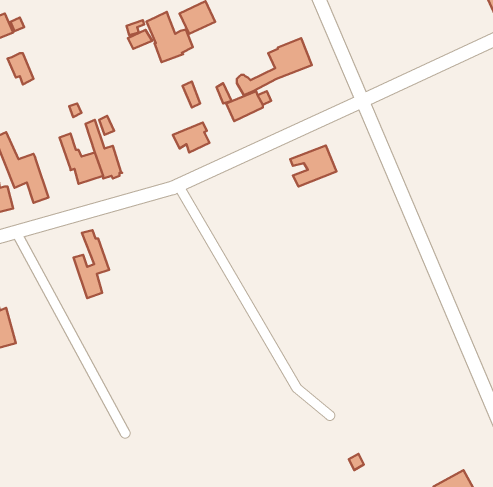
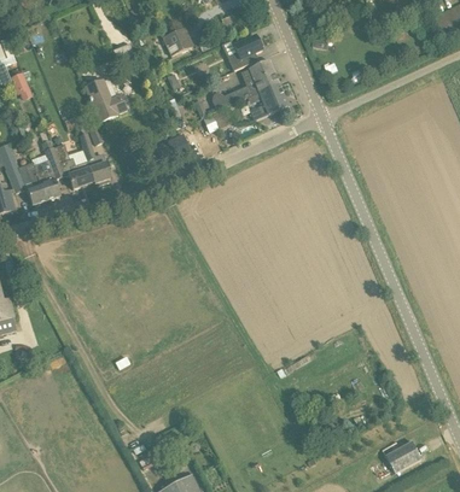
building: none -> [227,35,262,70]
building: [146,12,193,62] -> [85,77,126,122]
building: [290,145,337,186] -> [246,83,287,119]
building: [74,230,109,298] -> [33,140,64,200]

